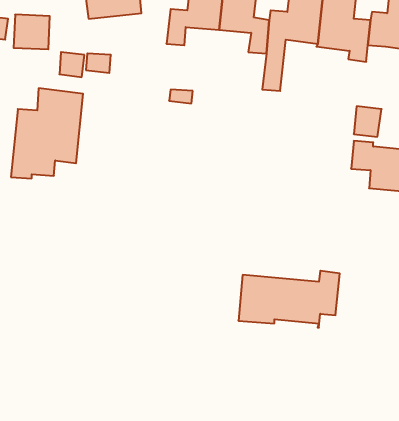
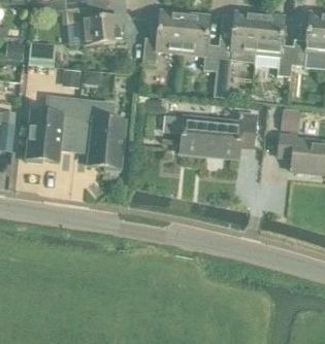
building: none -> [74,99,125,170]
building: [238,271,340,328] -> [180,113,255,156]

